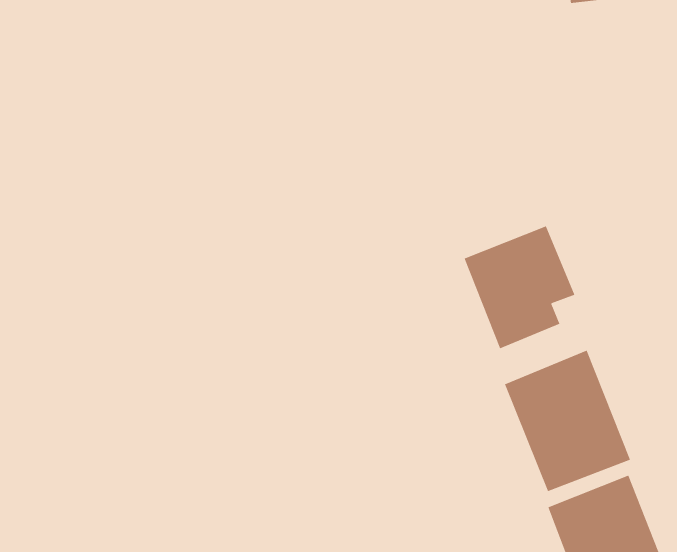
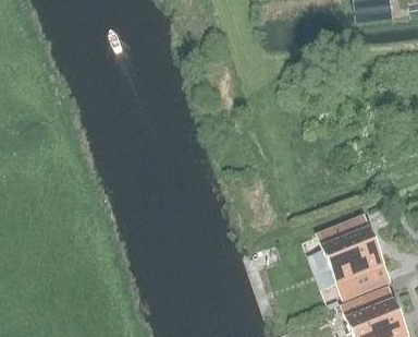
building: [464,225,575,349] -> none

